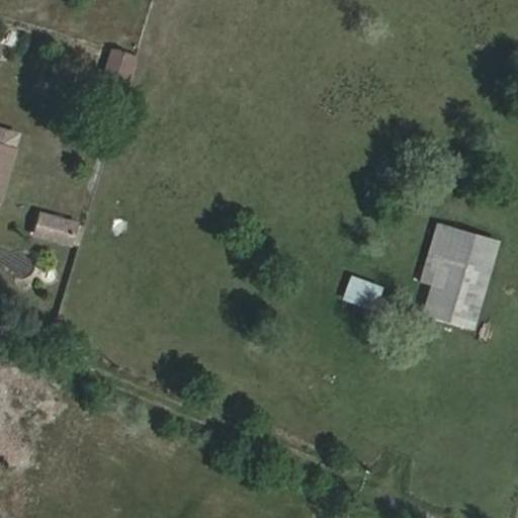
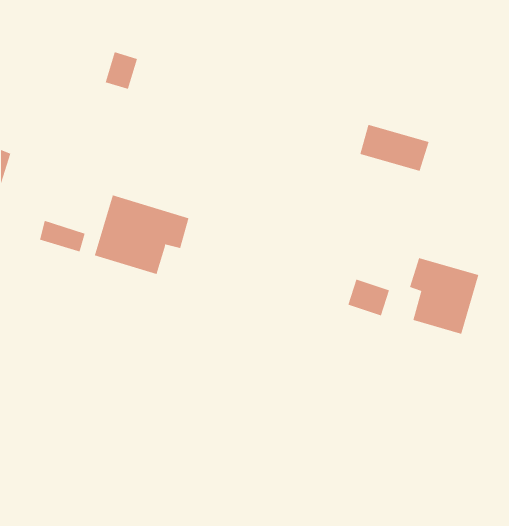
building: none -> [94,194,189,275]
building: [428,224,497,270] -> [360,124,430,172]

